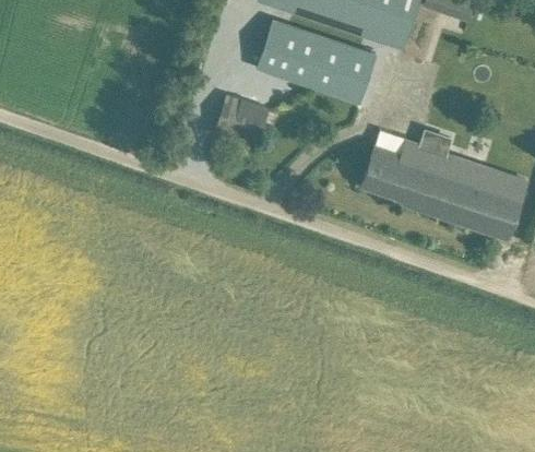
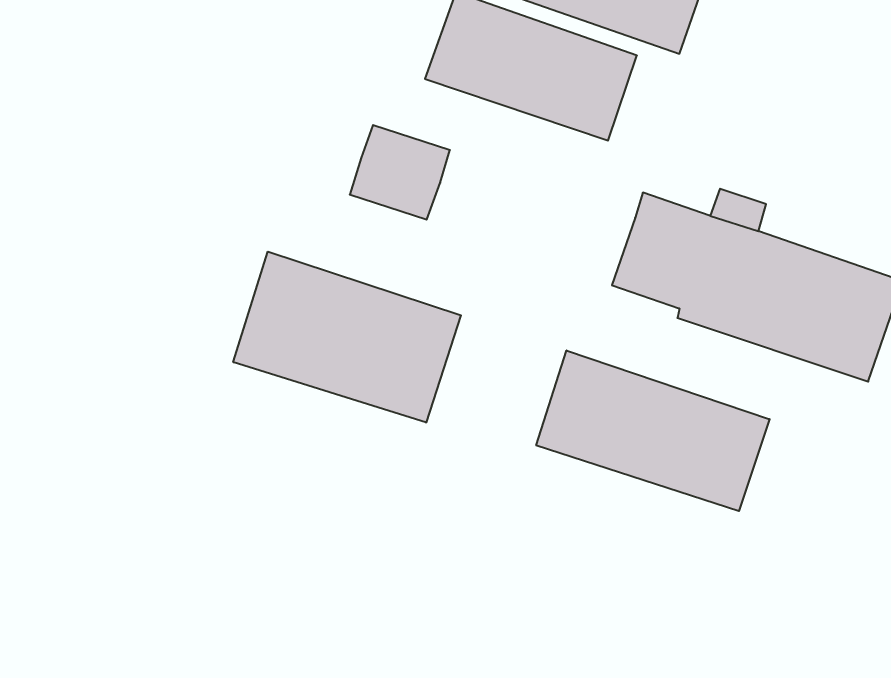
building: none -> [233,252,461,423]
building: none -> [536,350,770,511]

